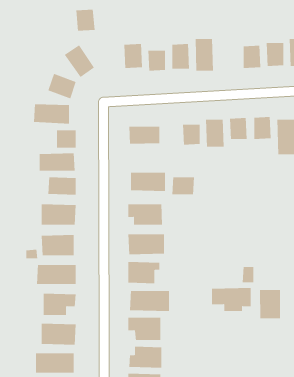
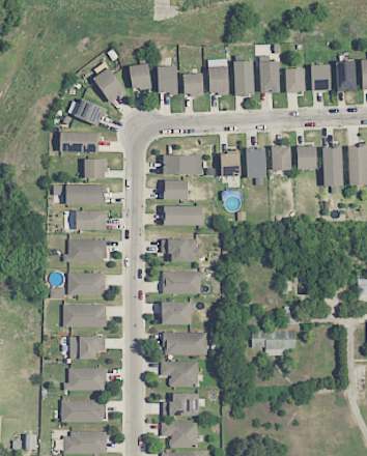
building: [75,9,96,31] -> [129,63,150,87]
building: none -> [258,60,279,91]
building: [172,177,195,195] -> [163,179,188,199]
building: [260,289,281,319] -> none

